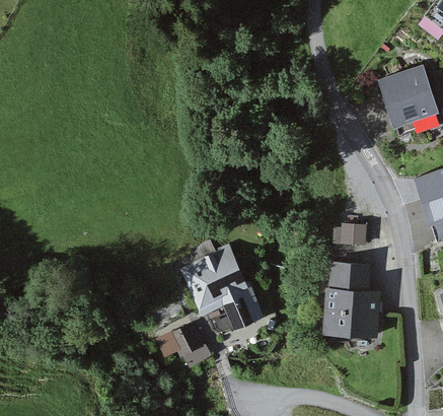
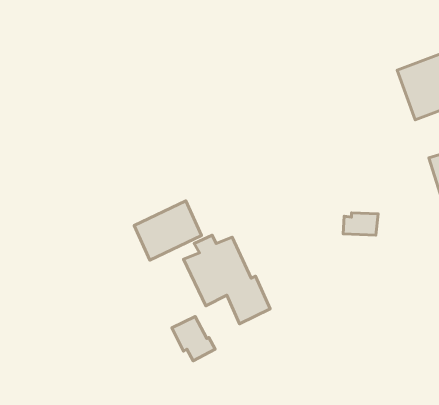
building: none -> [134,201,202,260]
building: [320,261,379,336] -> none

